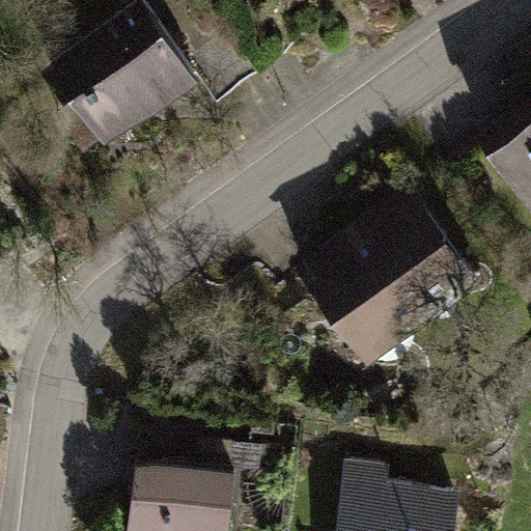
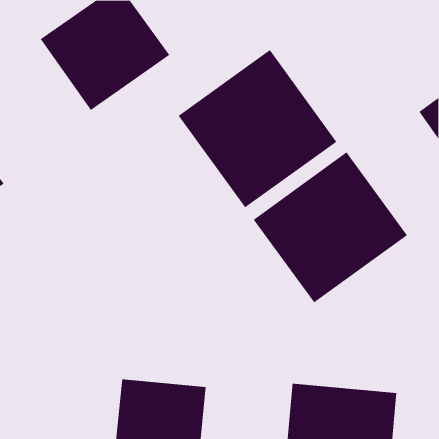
building: none -> [178,49,337,208]

